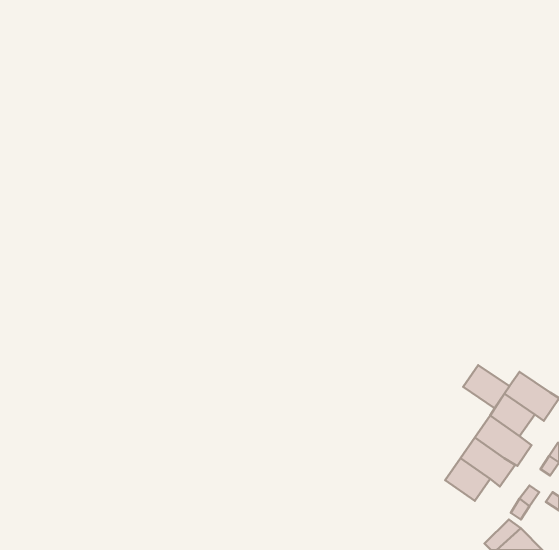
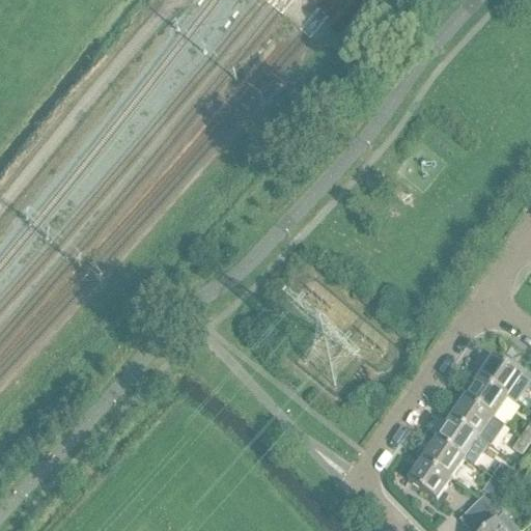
building: [463,365,509,408] -> none
building: none -> [408,455,450,496]

